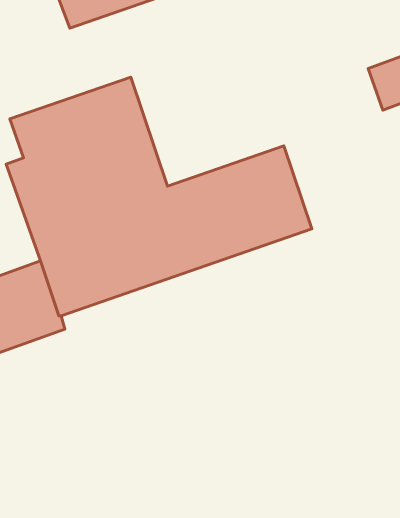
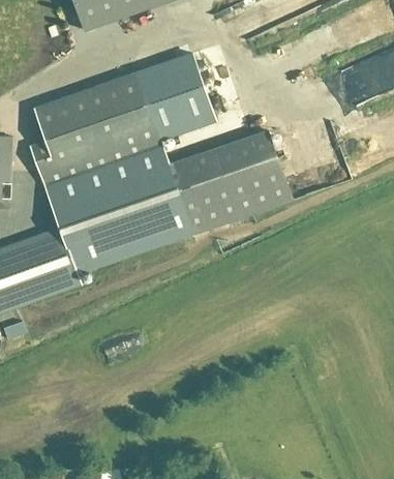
building: none -> [135,53,216,142]

